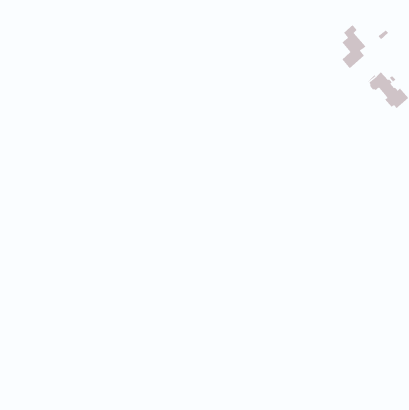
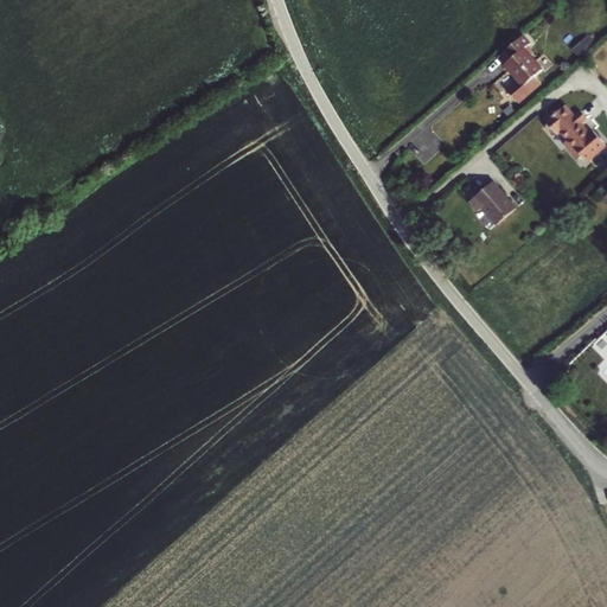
building: none -> [468,180,516,223]

